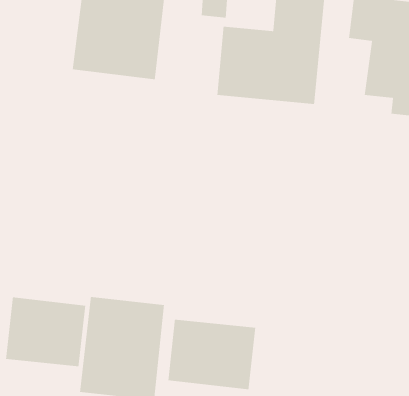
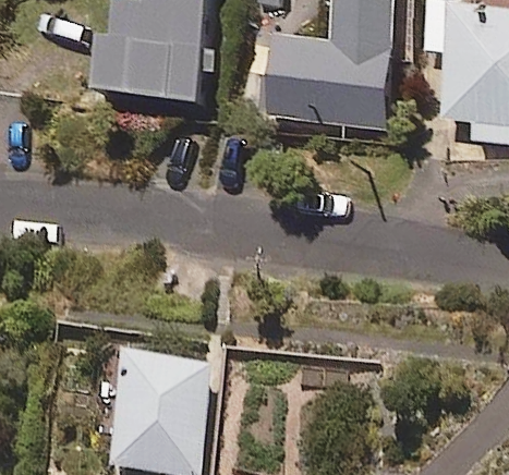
building: [5,297,86,367] -> none
building: [167,319,256,390] -> none

